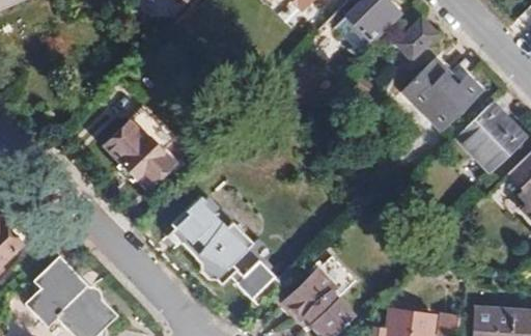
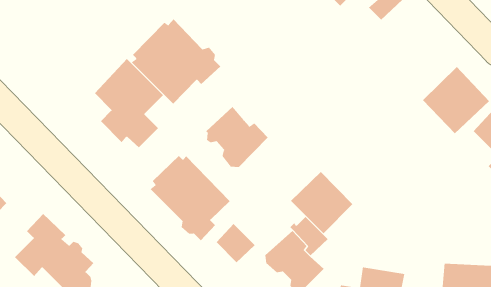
building: [407,52,485,124] -> none
building: none -> [131,19,221,104]
building: none -> [206,106,269,168]
building: none -> [290,171,353,234]

